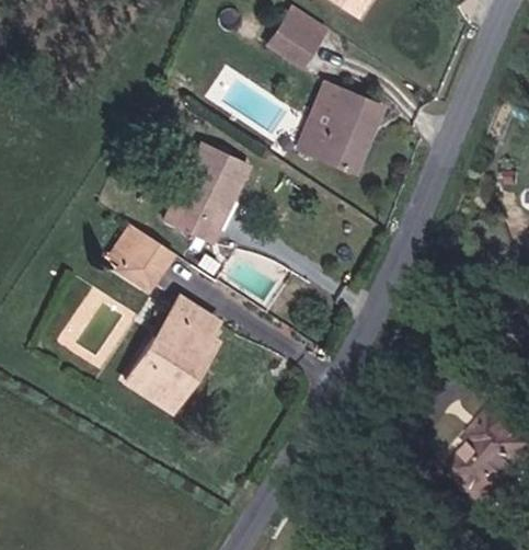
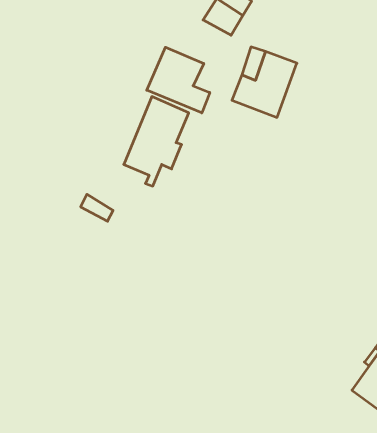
building: none -> [147,47,210,113]
building: [123,229,171,277] -> none
building: [131,298,218,412] -> none

